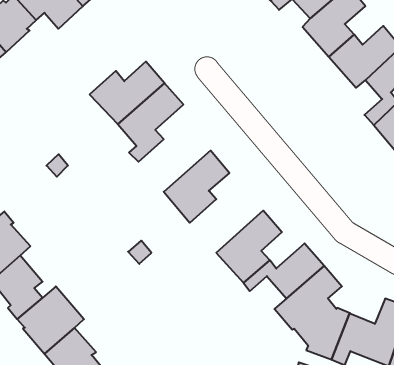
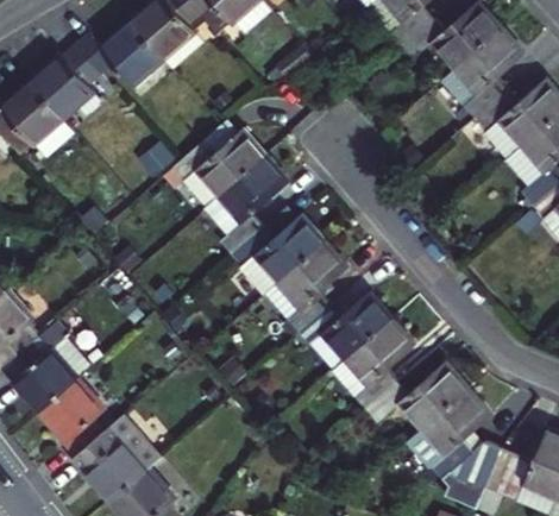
building: none -> [232,212,324,294]
building: none -> [297,291,390,371]

